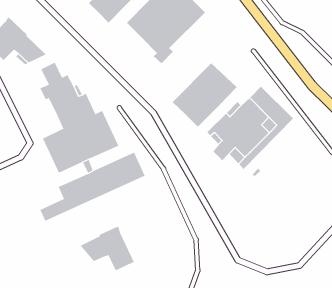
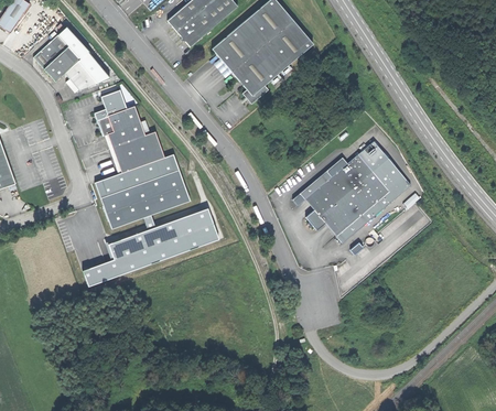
building: [172,63,237,128] -> none
building: [80,226,135,271] -> none

